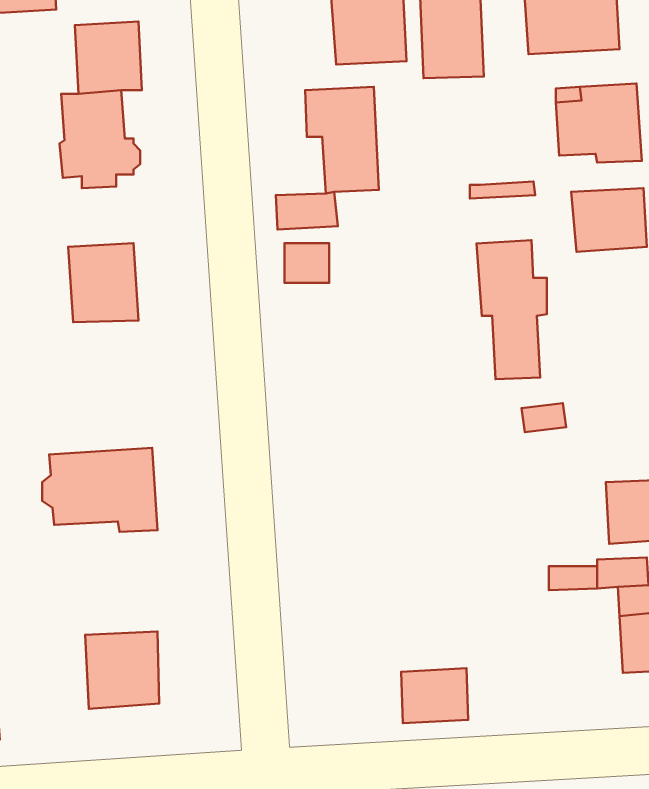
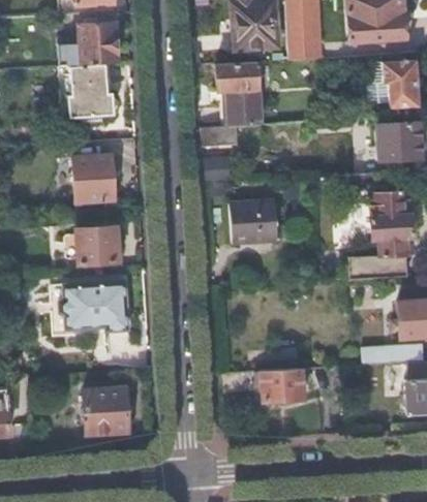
building: [477,240,547,379] -> [370,193,413,277]
building: none -> [230,201,277,245]
building: none -> [75,227,118,265]
building: [401,668,468,723] -> [262,368,302,401]

